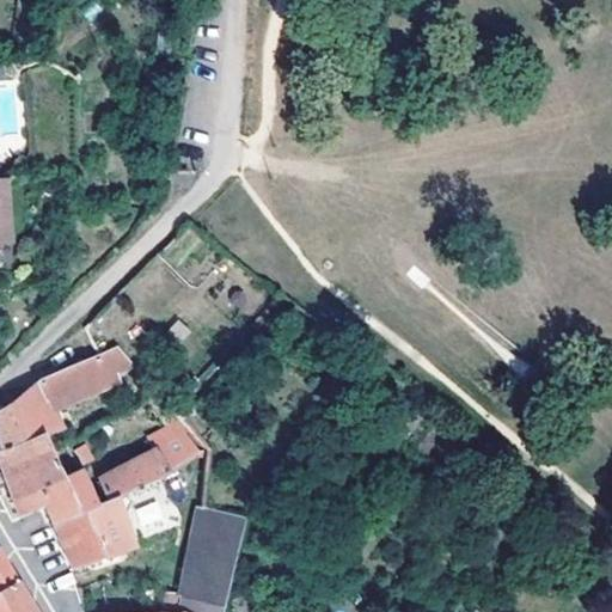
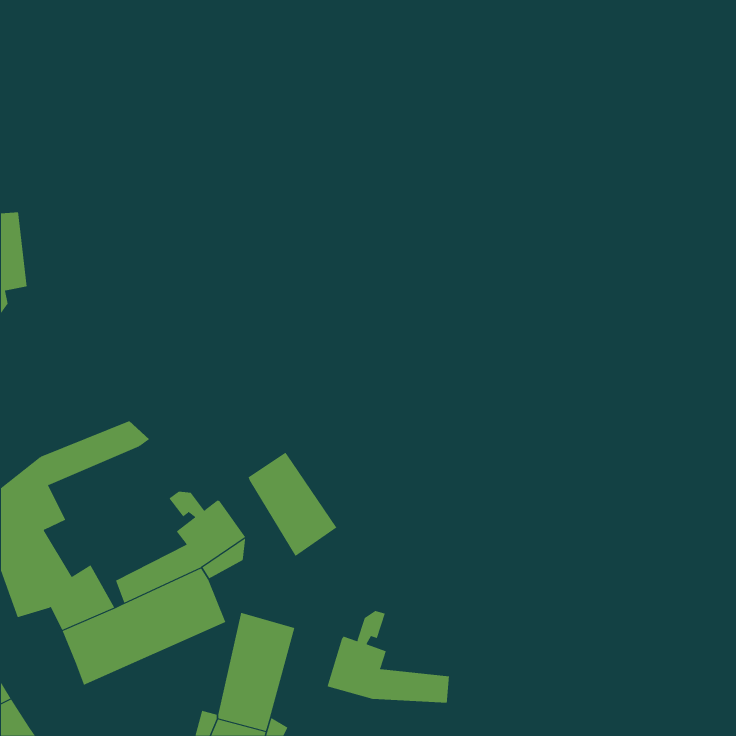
building: none -> [248,452,337,557]
building: none -> [327,610,450,704]

